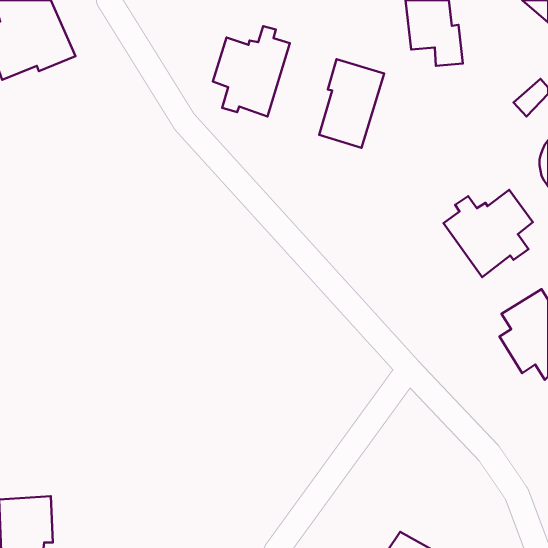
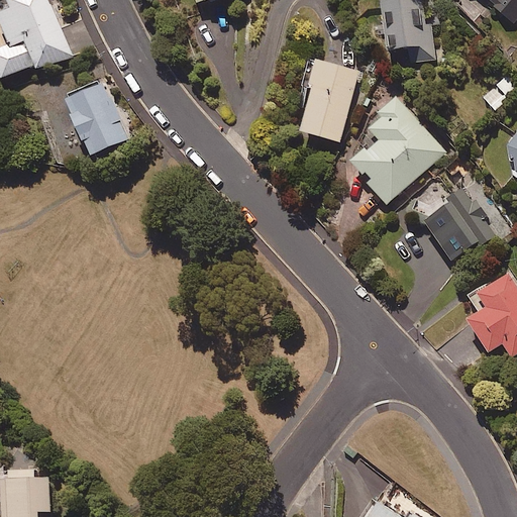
building: [213,26,290,116] -> none
building: none -> [65,78,129,152]
building: none -> [350,98,443,203]

